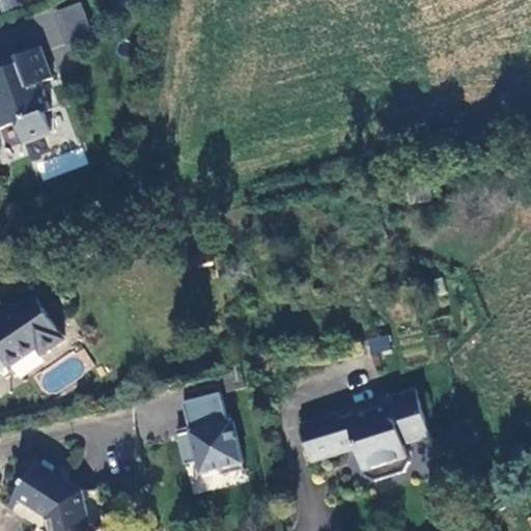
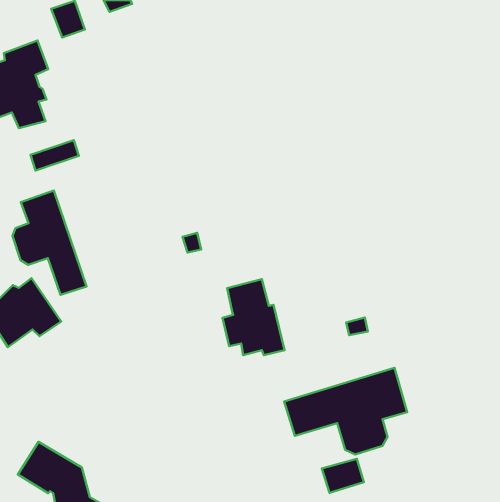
building: none -> [13,190,86,295]
building: [175,397,241,477] -> [222,279,285,355]
building: none -> [322,459,364,493]

